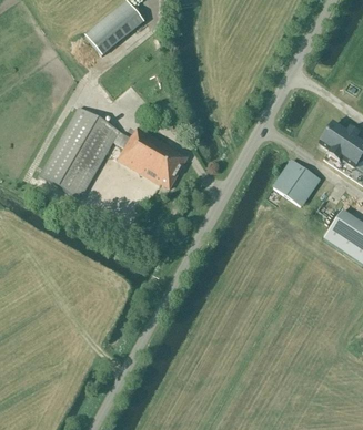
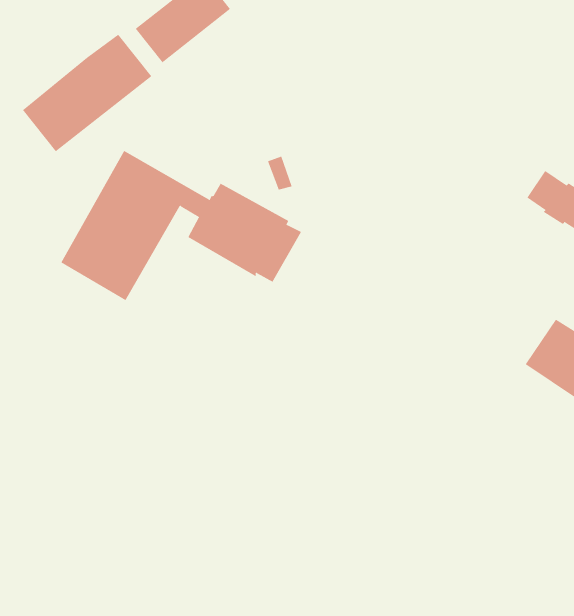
building: none -> [22,34,152,152]
building: [275,160,321,206] -> none

